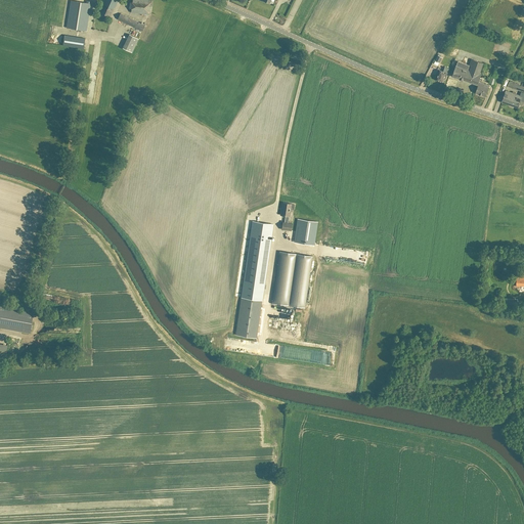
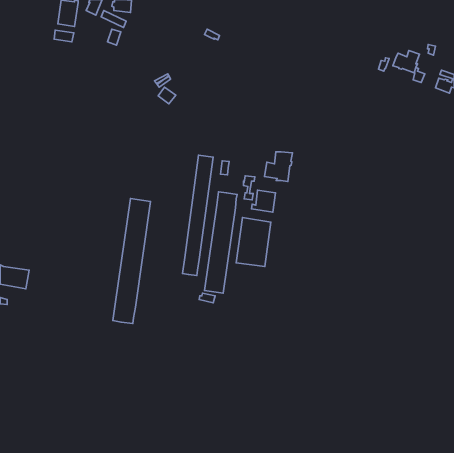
building: none -> [264,152,293,182]
building: none -> [182,155,213,275]
building: none -> [113,199,150,323]

